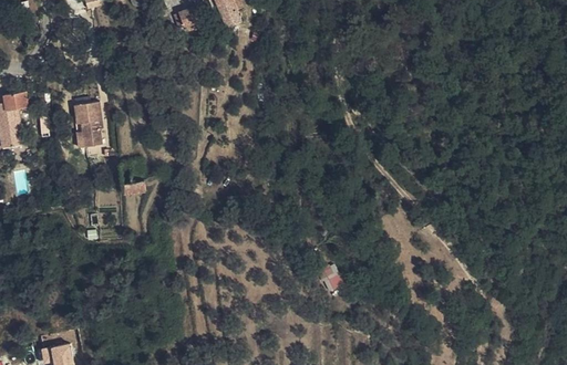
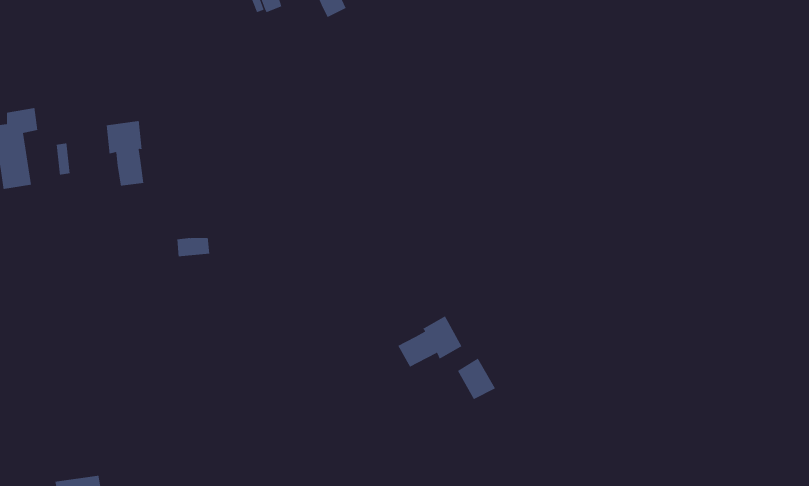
building: none -> [398,315,462,368]

